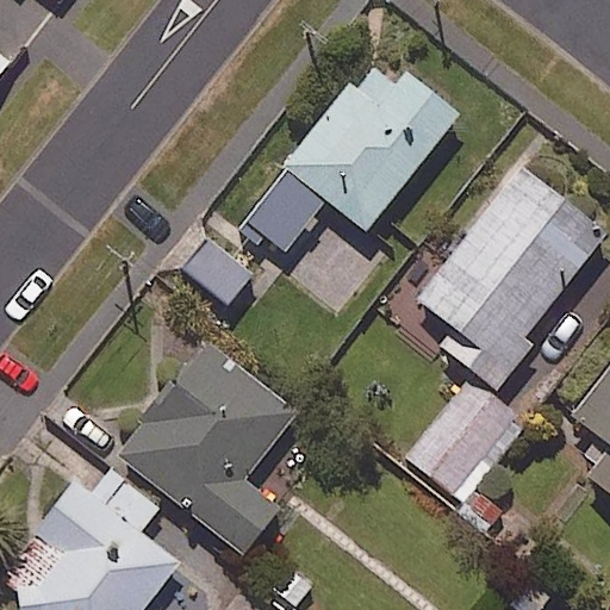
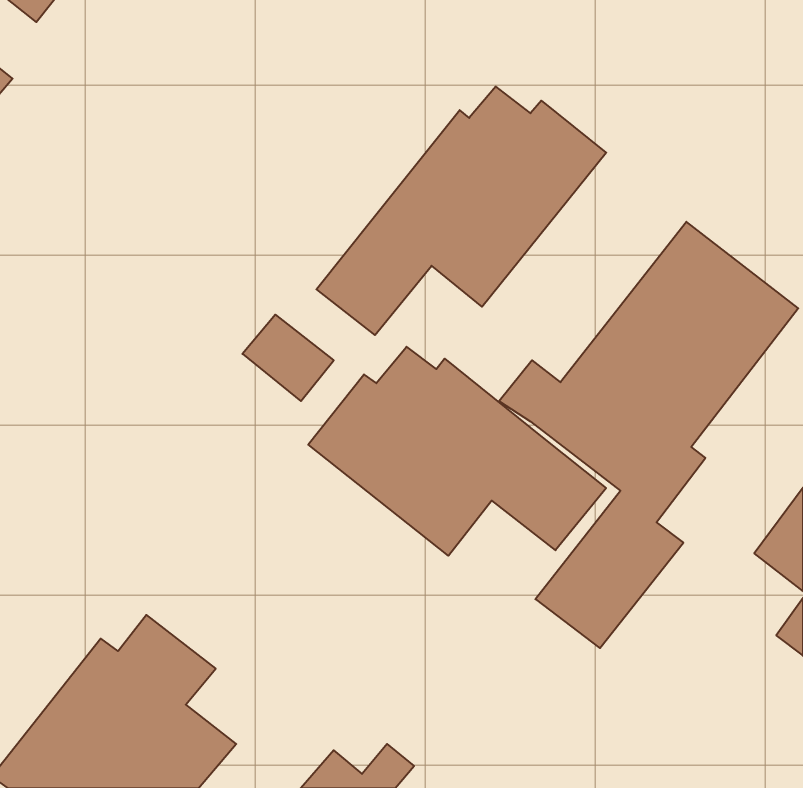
building: none -> [308,347,606,556]
building: [120,344,295,554] -> none

